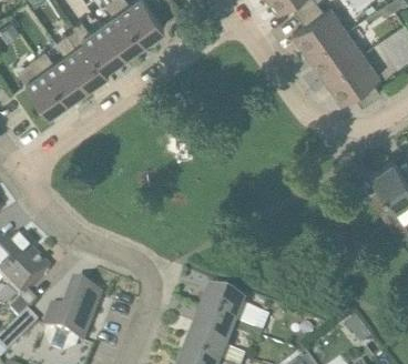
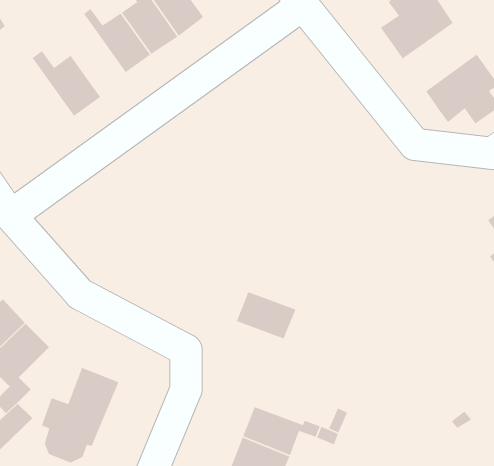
building: [65,26,108,87] -> none
building: [308,32,363,82] -> none
building: [24,58,68,115] -> none
building: [200,291,244,326] -> [236,291,296,340]

